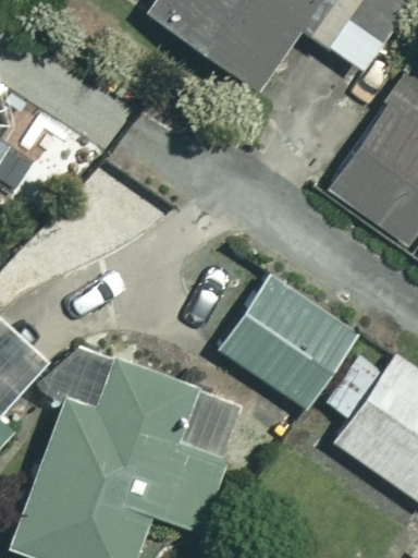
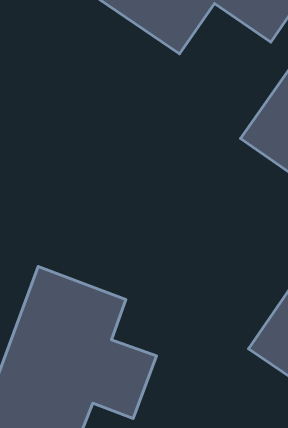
building: [220,276,358,409] -> none

